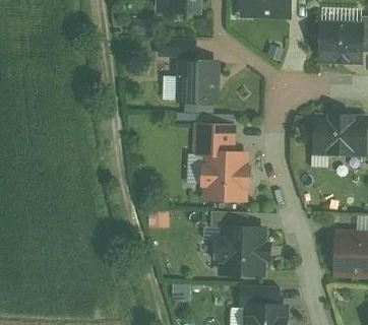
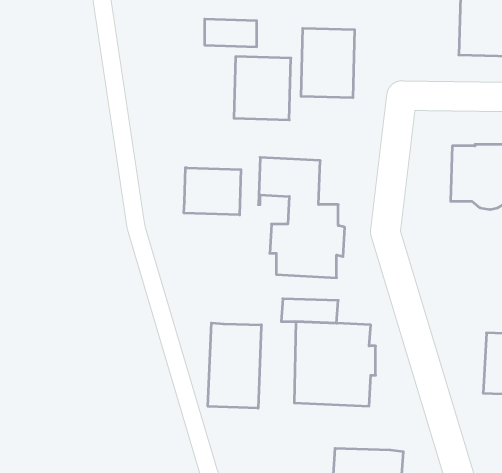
building: none -> [301,28,355,98]
building: none -> [184,168,241,215]
building: none -> [208,323,261,408]
building: [239,287,279,308] -> none

